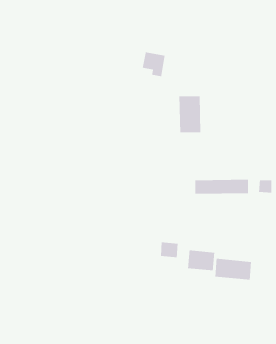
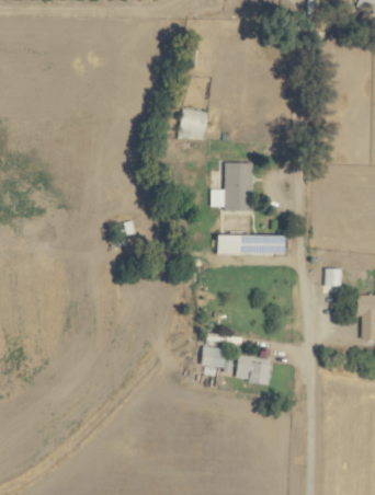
building: [194,179,249,195] -> [216,234,284,254]
building: [215,258,252,281] -> none

